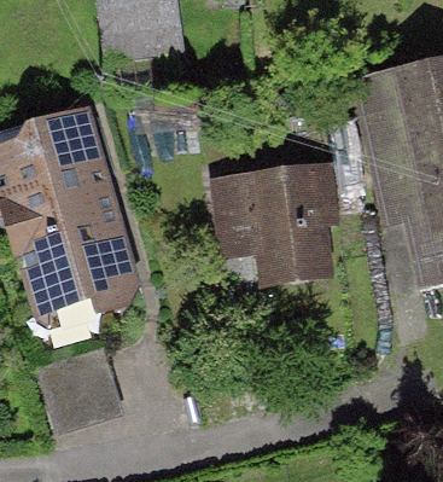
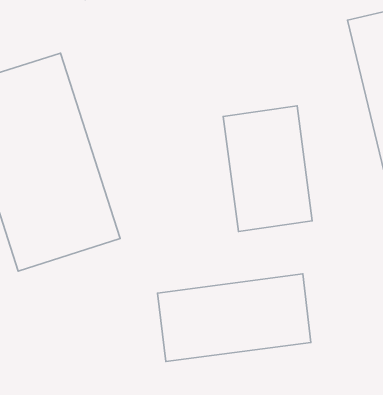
building: none -> [158,274,311,362]

